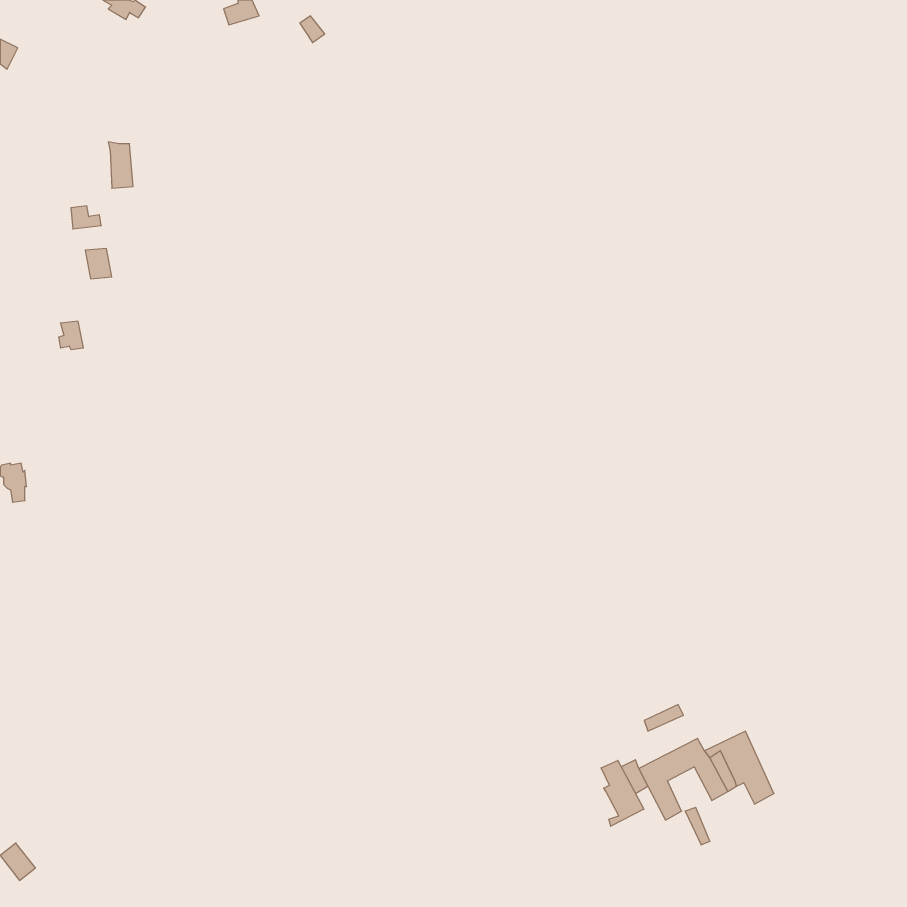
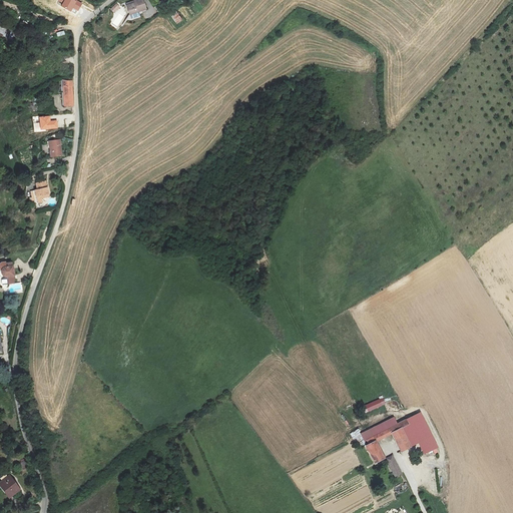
building: [601,760,644,826] -> none

